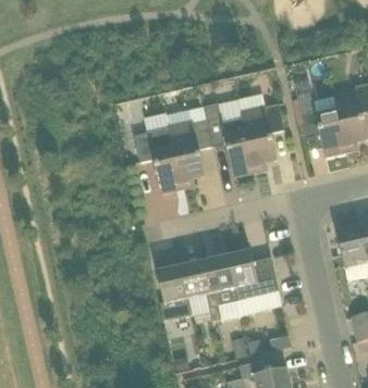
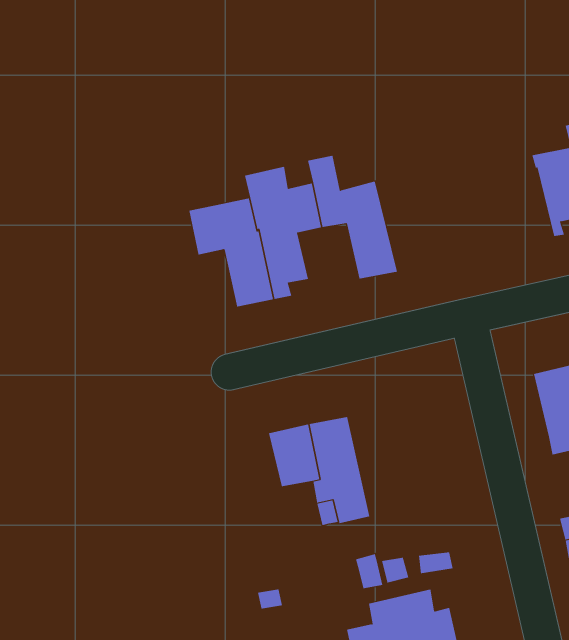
building: [297,95,348,155] -> none
building: [241,102,284,171] -> none
building: [228,250,282,314] -> none
building: [158,265,188,325] -> none

